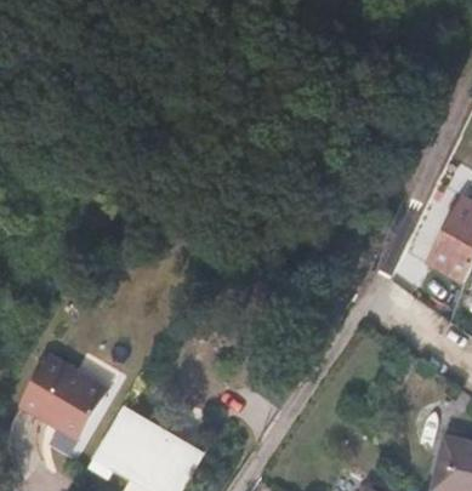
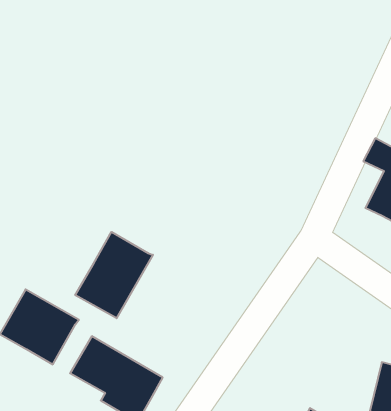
building: none -> [75,232,153,318]

